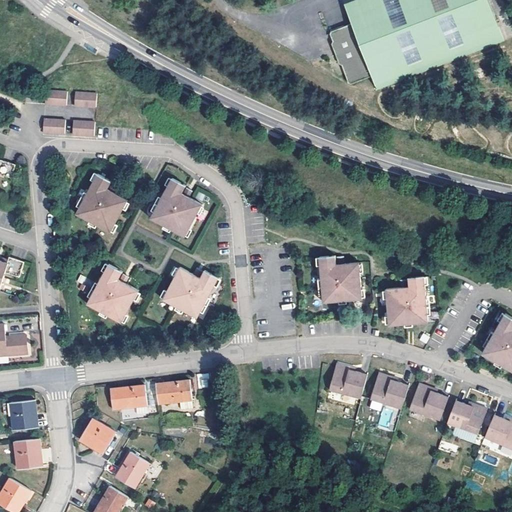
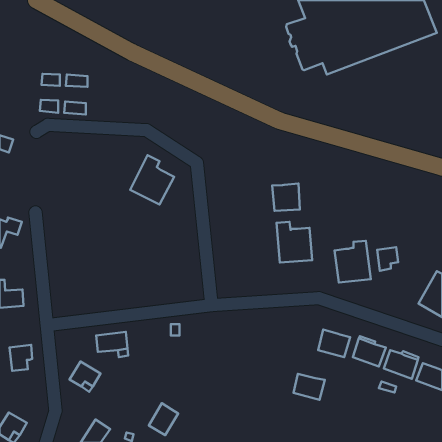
building: [75,174,127,233] -> none
building: none -> [272,184,300,211]
building: [86,265,138,324] -> none
building: [162,268,218,319] -> none
building: none -> [377,247,398,271]
building: [326,373,362,403] -> [294,374,325,400]
building: [157,379,192,402] -> none
building: [16,438,42,468] -> none
building: [115,450,149,487] -> [149,403,178,435]

